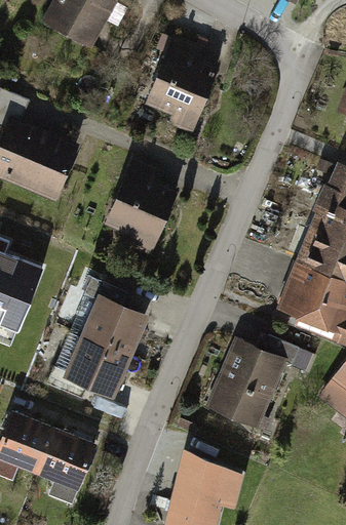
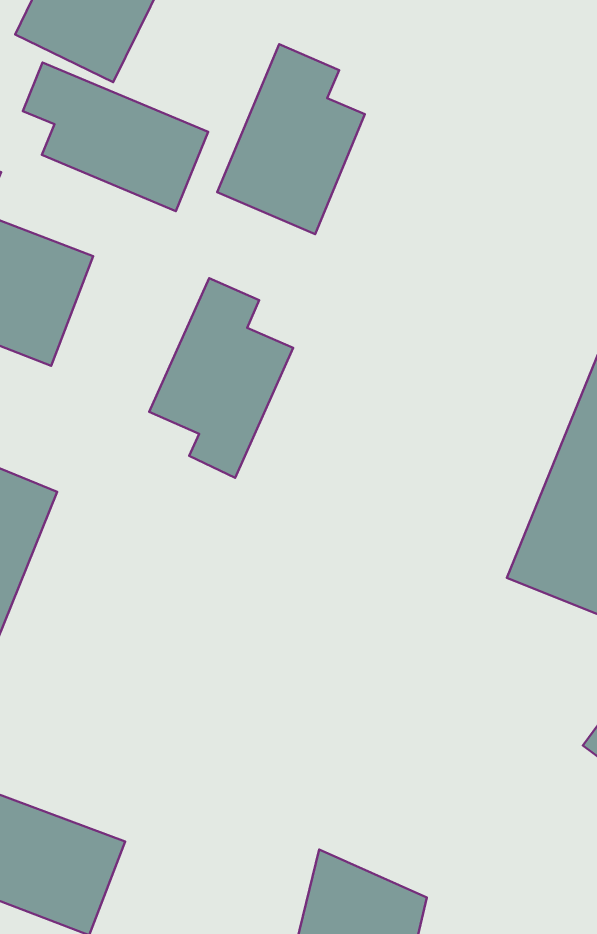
building: none -> [23,63,208,211]
building: [49,292,139,399] -> none
building: [213,334,316,420] -> none

